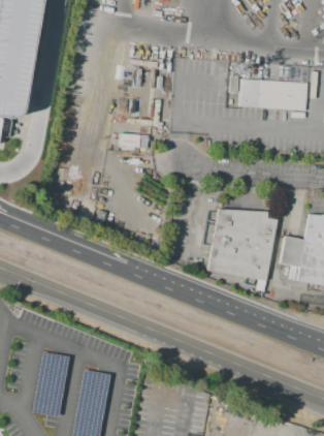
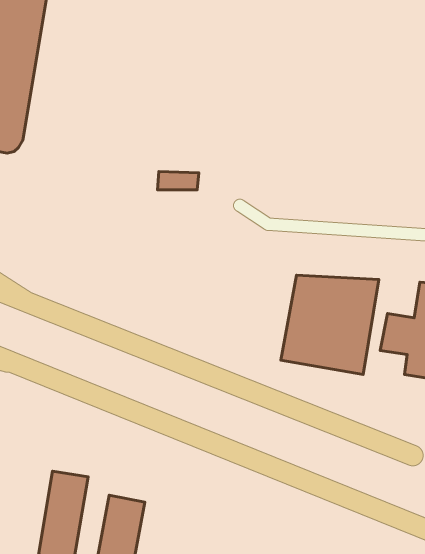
building: [240,79,309,111] -> none

